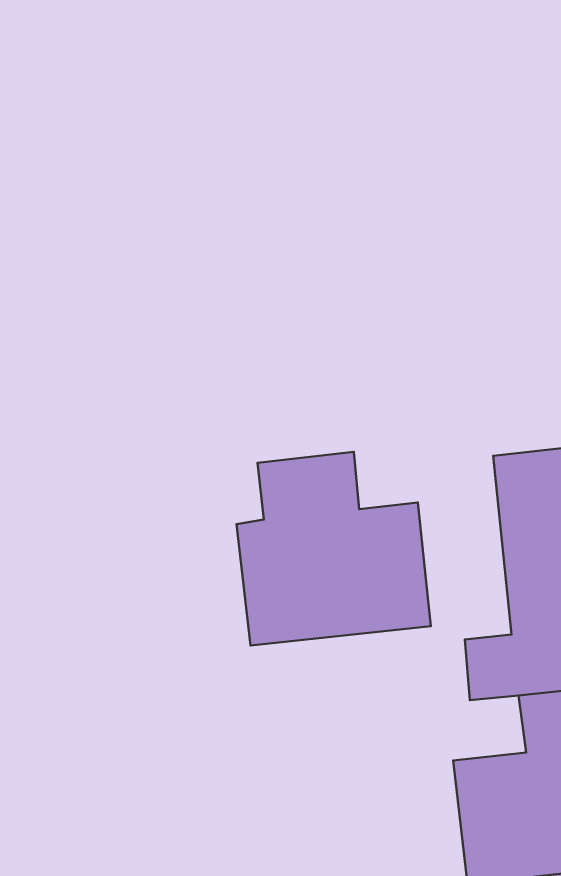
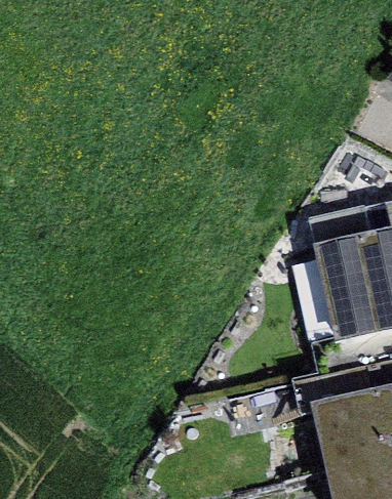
building: [237,452,431,645] -> none

